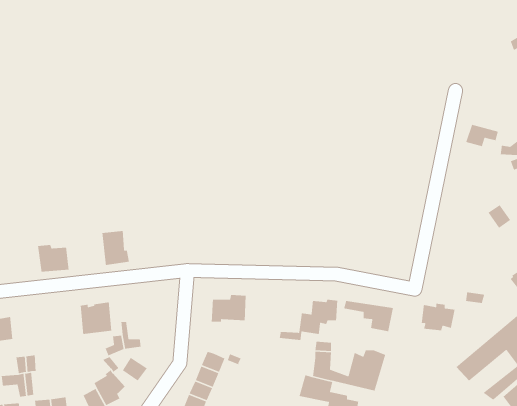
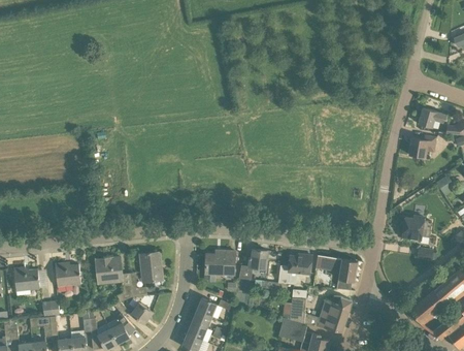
building: none -> [408,135,435,157]
building: [101,230,130,266] -> [138,252,162,282]
building: [37,244,69,273] -> [54,262,80,286]
building: none -> [238,249,266,280]
building: [420,303,455,331] -> [401,216,431,240]

